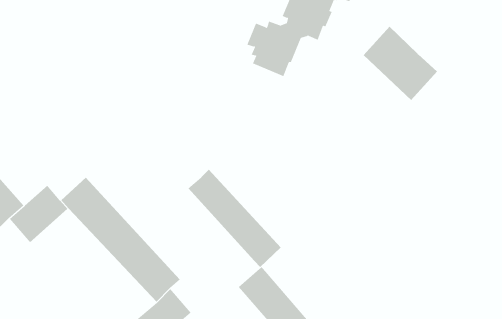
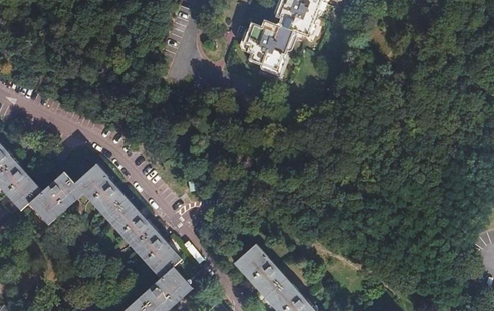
building: [363,26,438,101] -> none
building: [188,169,282,268] -> none

